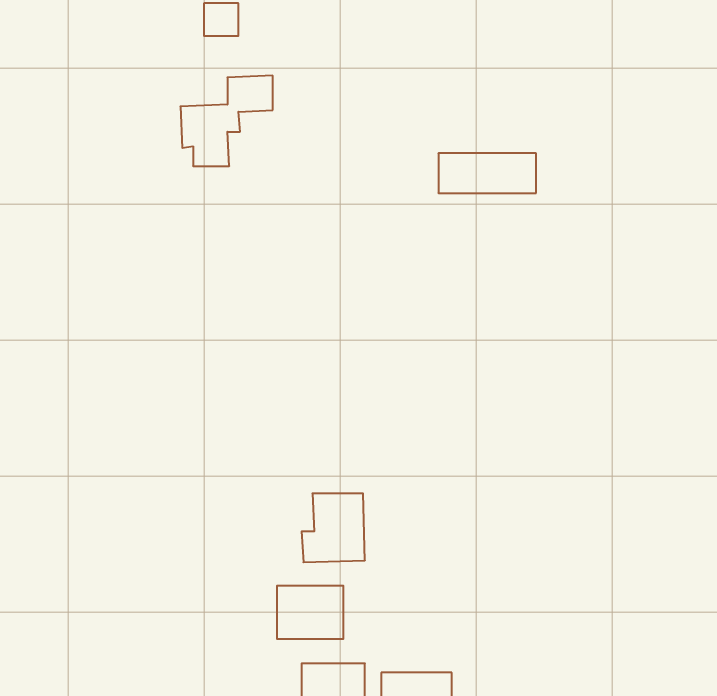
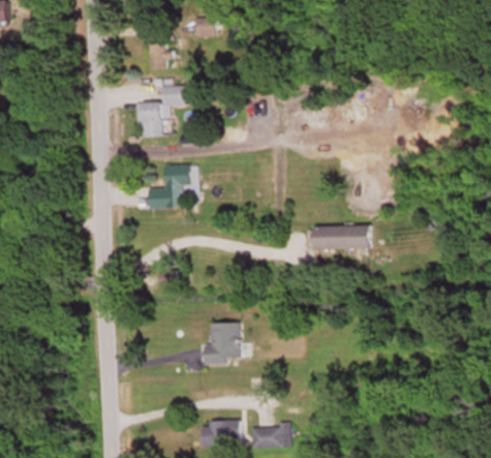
building: [438,153,536,193] -> [313,226,369,249]
building: none -> [148,165,190,210]
building: [277,586,343,639] -> none

